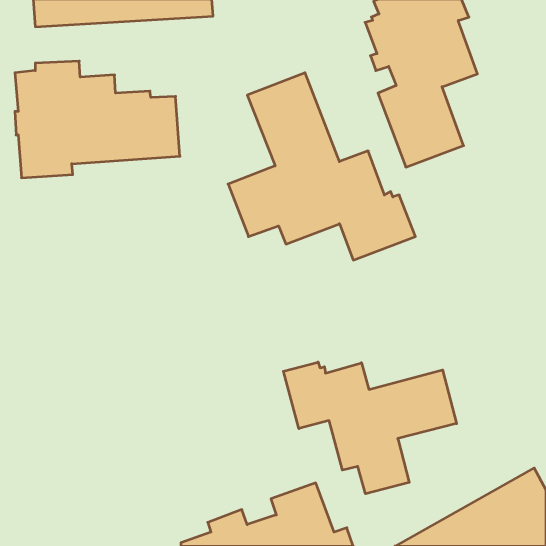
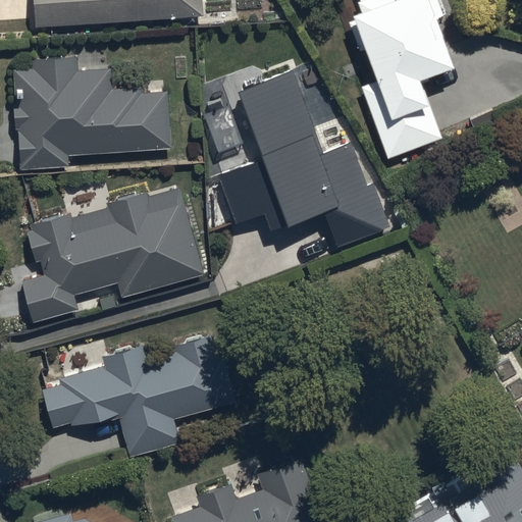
building: none -> [22,188,204,322]
building: none -> [44,336,234,454]
building: [283,362,457,494] -> none

